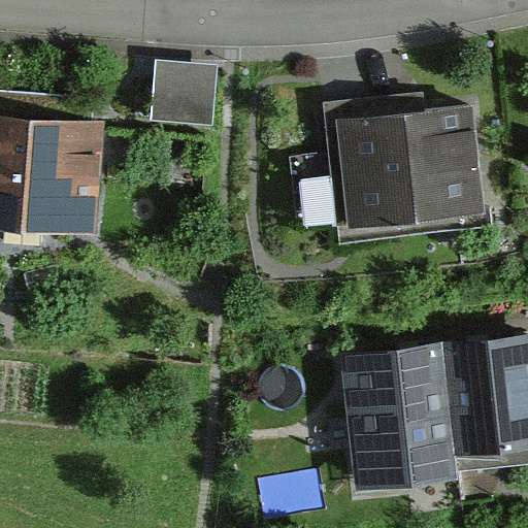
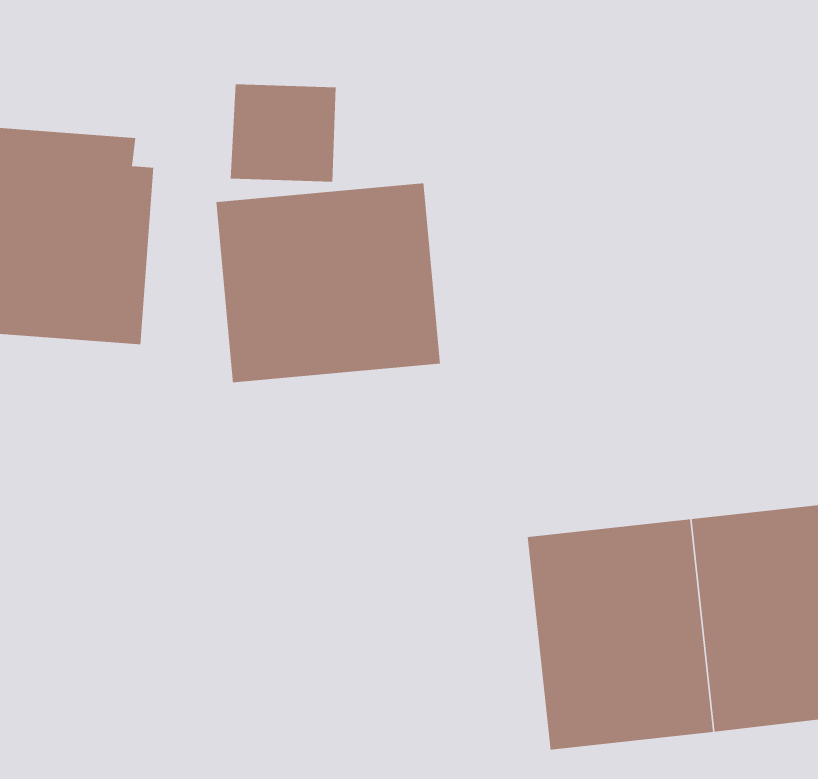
building: [325,99,482,234] -> none
building: none -> [216,183,441,383]

